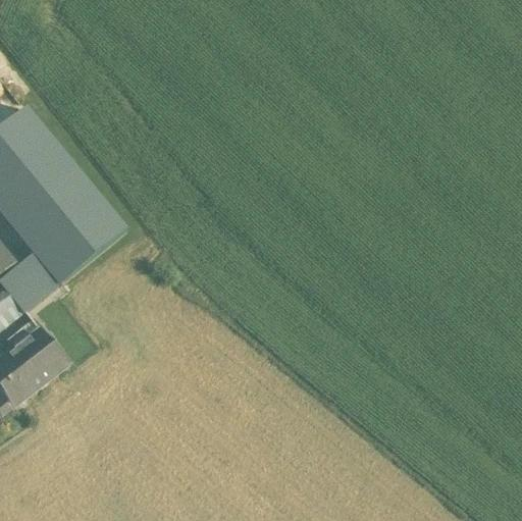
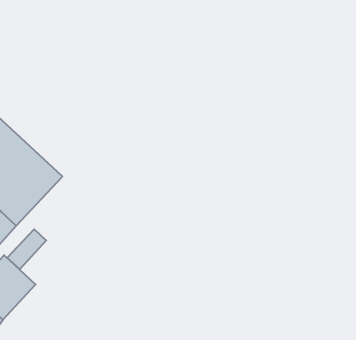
building: none -> [7,229,46,269]

